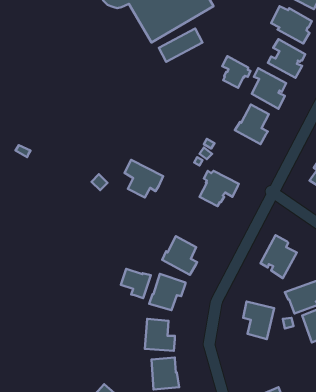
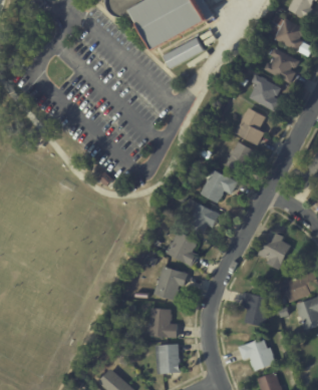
building: [222,56,251,88] -> none
building: none -> [224,141,254,175]
building: [125,160,163,197] -> [183,199,219,234]
building: [121,269,151,298] -> none
building: none -> [239,338,275,371]

